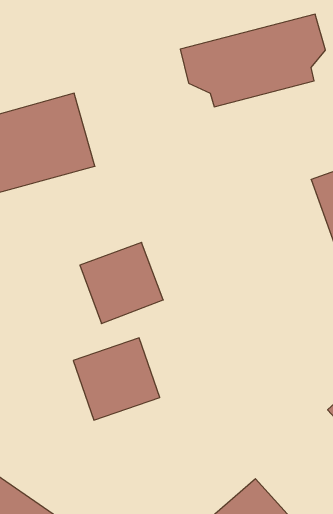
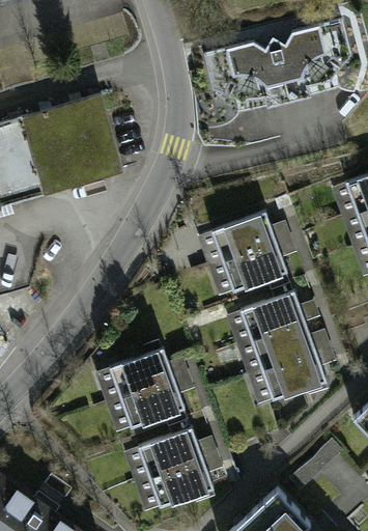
building: [80,242,163,324] -> [202,214,286,296]
building: none -> [230,291,325,403]
building: none -> [131,426,211,508]

